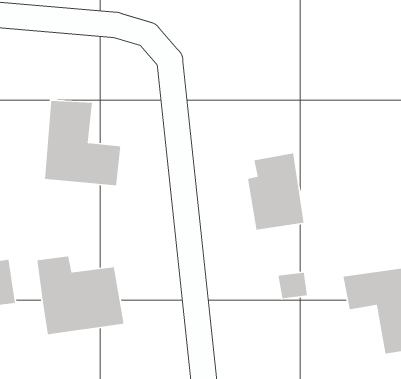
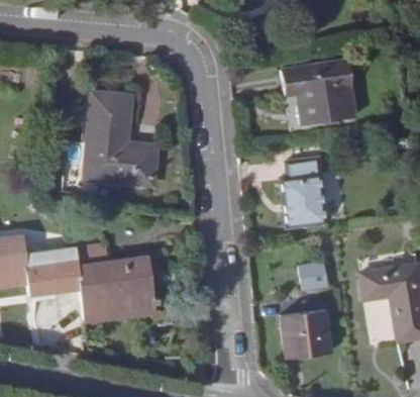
building: none -> [283,60,357,127]
building: none -> [50,246,81,292]
building: none -> [280,310,330,358]

